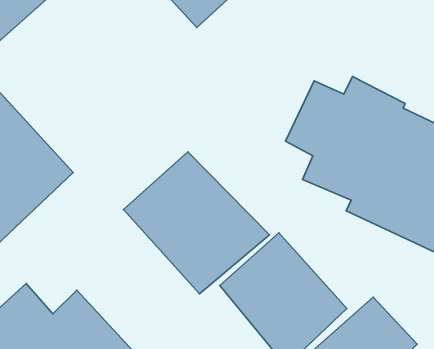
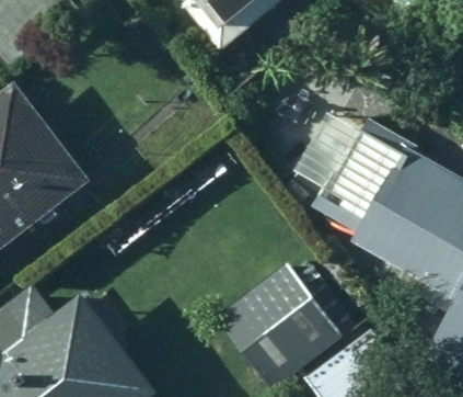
building: [124,152,269,294] -> none

